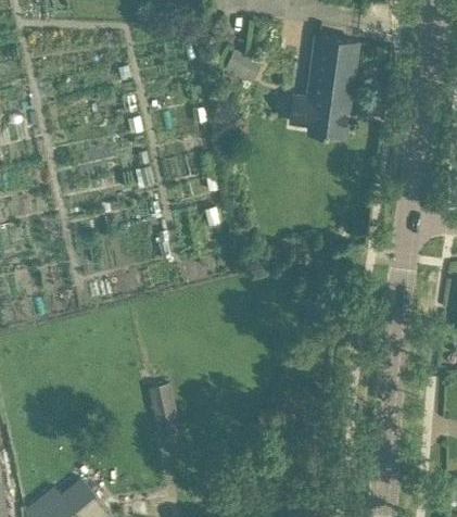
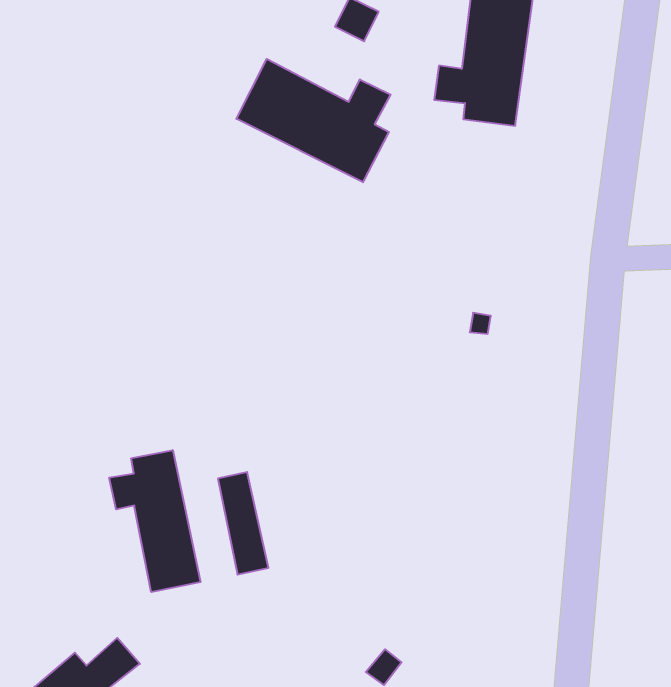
building: none -> [236,59,391,182]
building: none -> [109,450,201,592]

